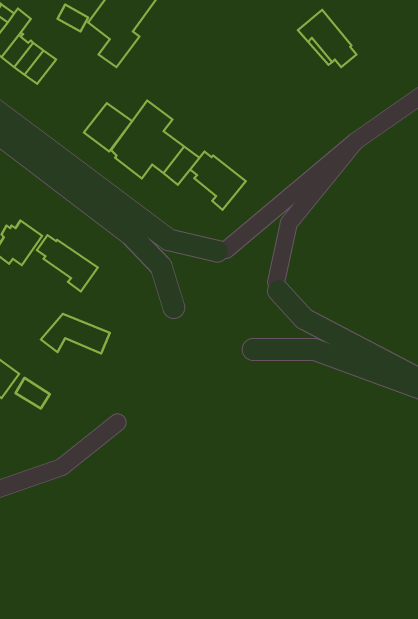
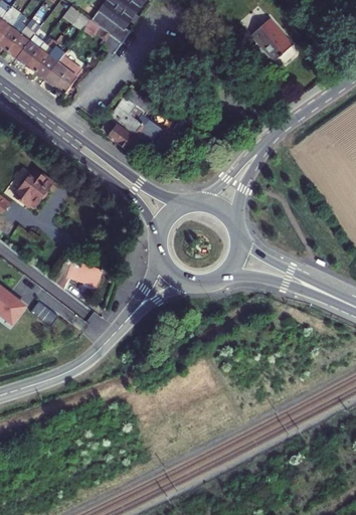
building: [84,103,132,152] -> [43,51,81,90]
building: [190,151,246,210] -> none
building: [37,235,98,292] -> none

